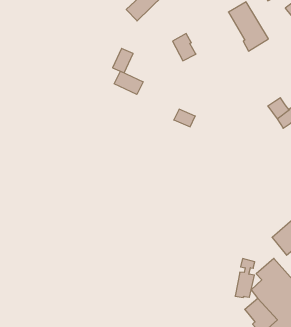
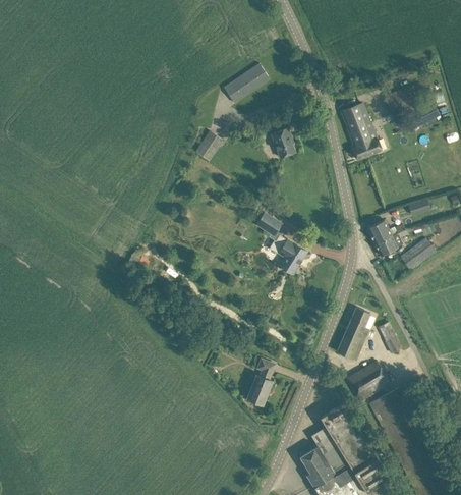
building: [114,71,143,94] -> none
building: none -> [270,235,306,274]
building: none -> [337,308,368,360]
building: [235,259,255,297] -> [244,359,274,404]

